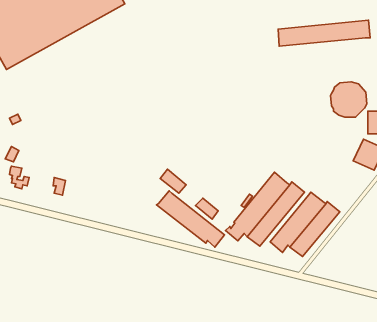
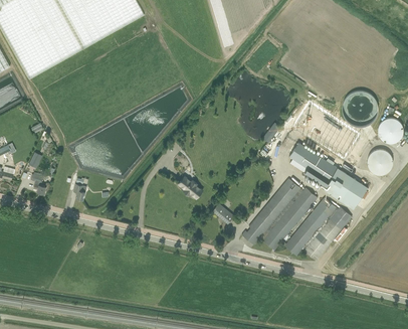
building: [278,20,370,46] -> none
building: none -> [288,143,367,204]
building: [157,191,224,247] -> none

